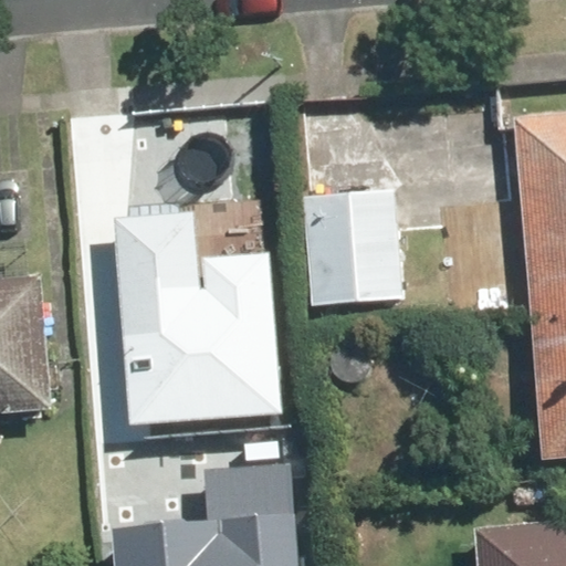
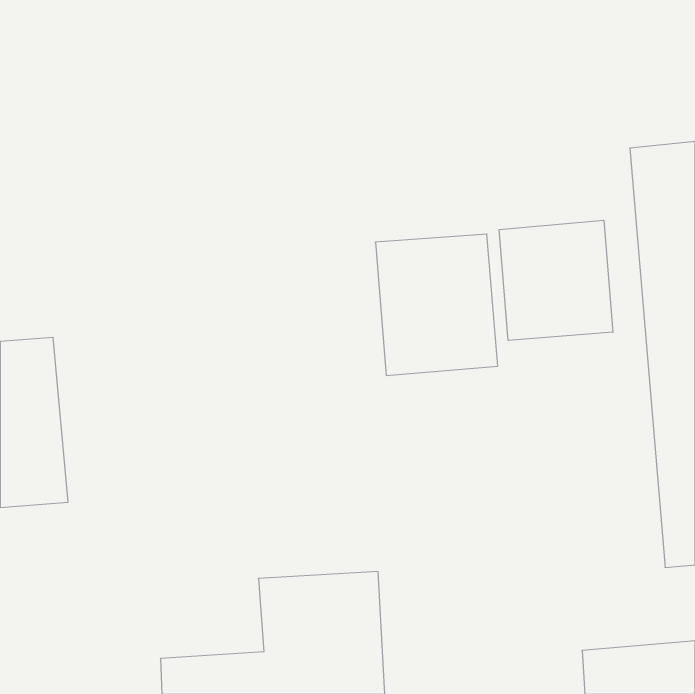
building: none -> [499,220,613,340]
building: [118,212,283,424] -> none

